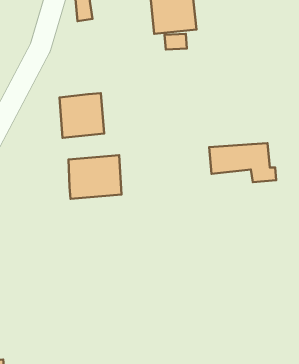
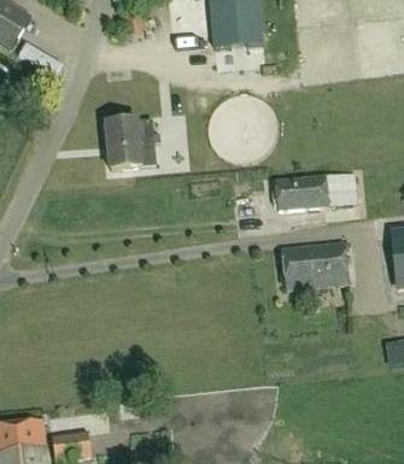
building: [68,155,122,199] -> none
building: none -> [282,241,347,288]

